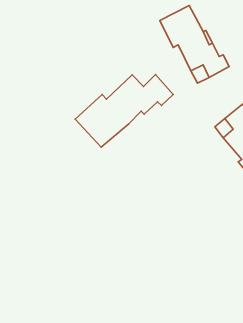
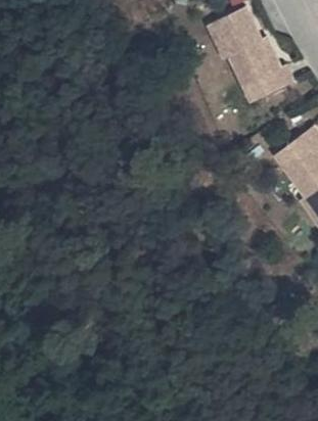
building: [75,75,173,147] -> none

